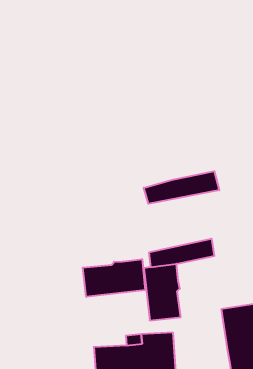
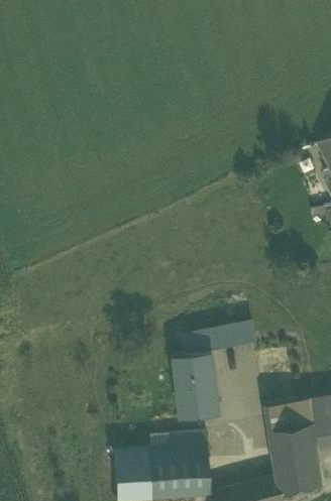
building: [144,171,219,204] -> none
building: [83,259,145,297] -> none

